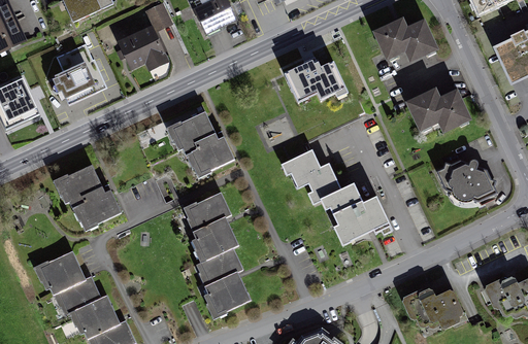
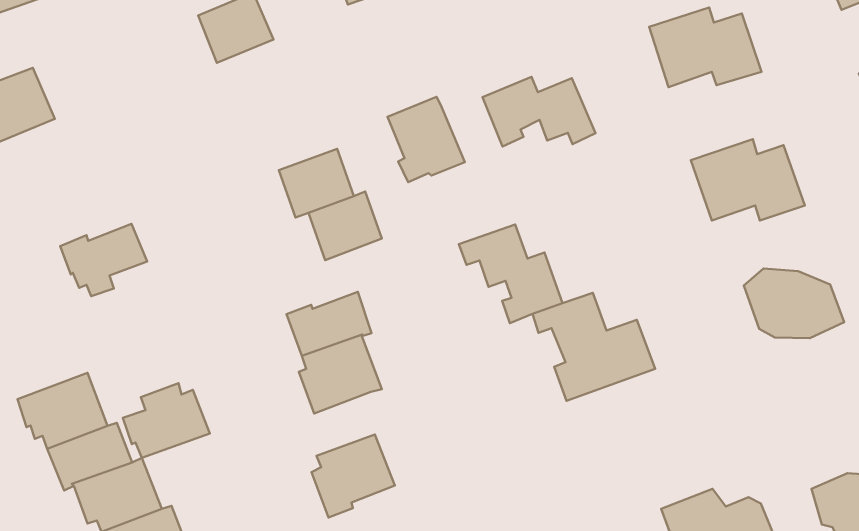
building: [53,44,101,104] -> none
building: none -> [388,97,465,182]
building: [71,182,121,226] -> [123,383,210,458]
building: [195,246,241,284] -> none

